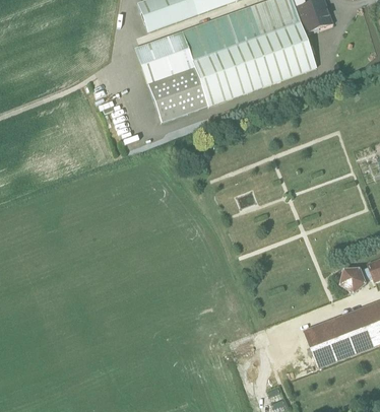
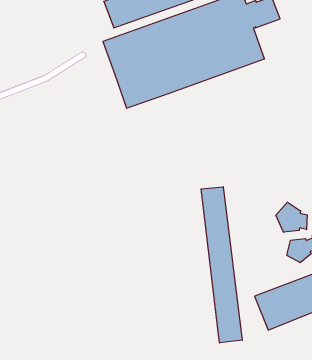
building: none -> [201,187,242,343]
building: none -> [276,202,307,232]

